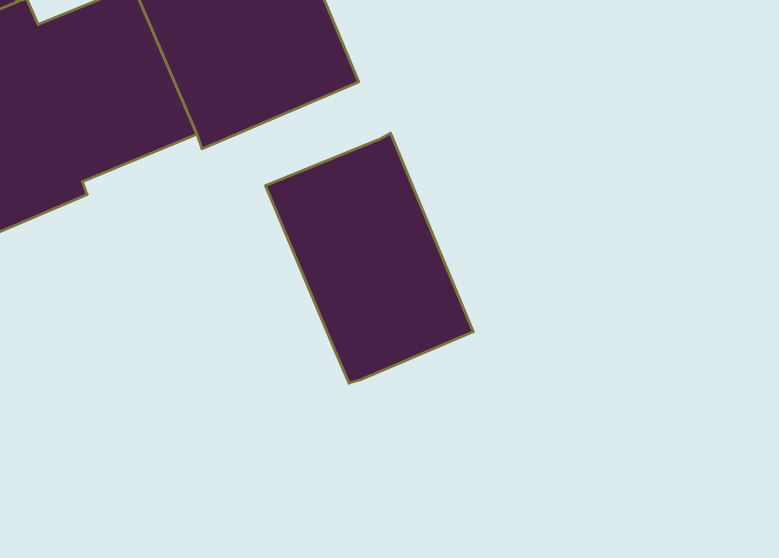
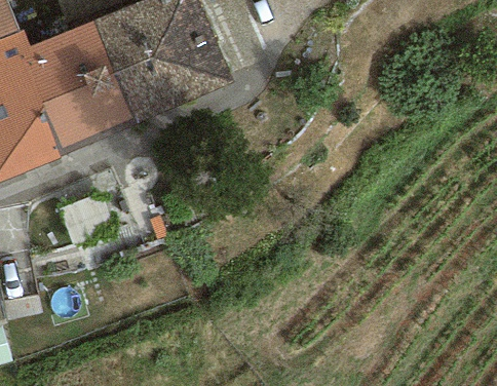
building: [266,133,473,383] -> none

